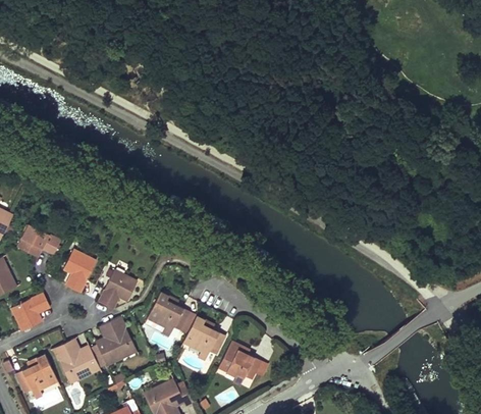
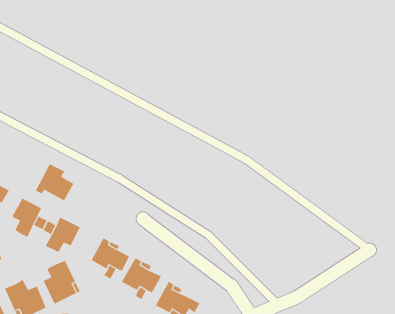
building: none -> [35,164,74,201]

